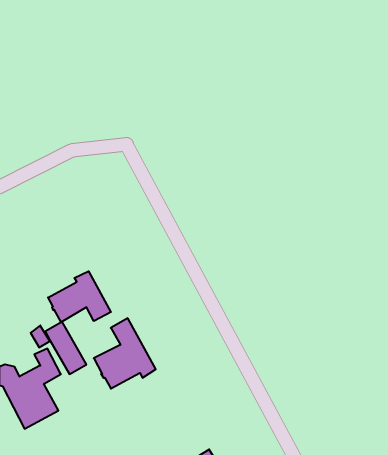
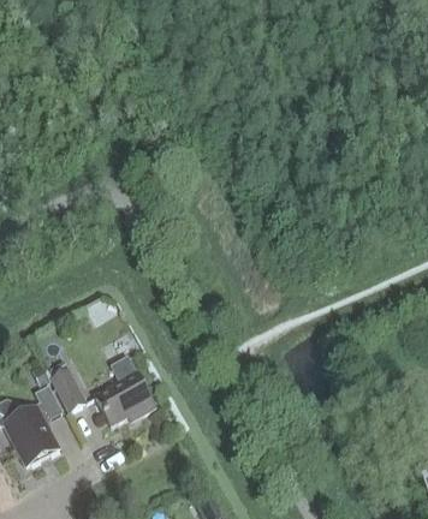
building: [48,271,111,322] -> none

